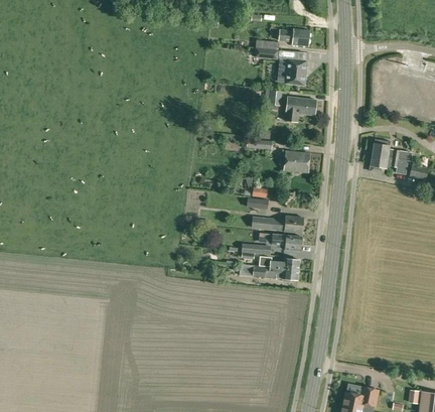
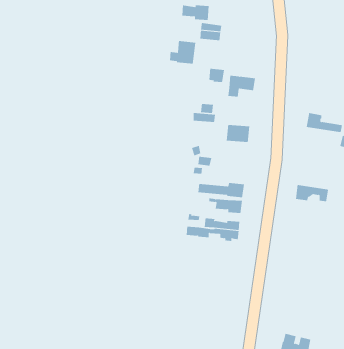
building: [278,29,309,46] -> [181,5,210,20]
building: [277,59,307,86] -> [169,41,196,64]
building: [370,155,410,174] -> [295,185,331,202]

